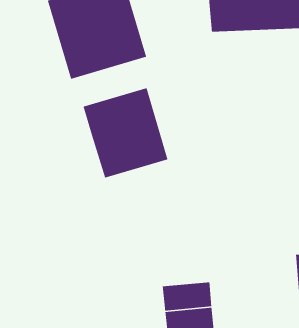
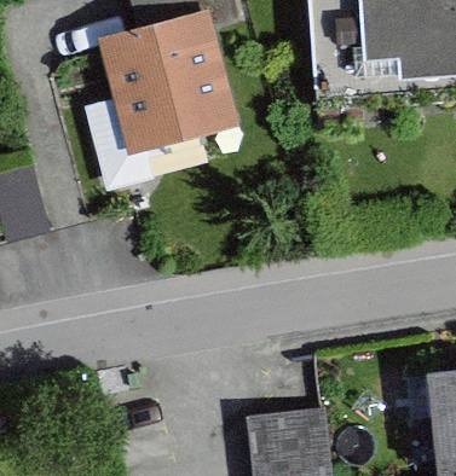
building: [82,87,169,179] -> none

